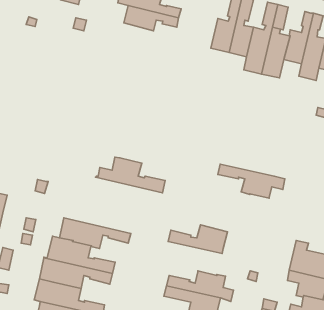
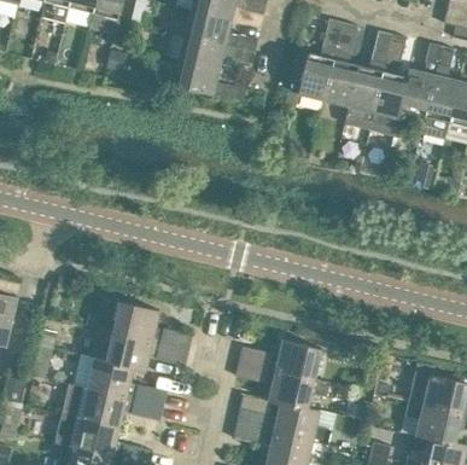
building: none -> [171,58,245,100]
building: [96,157,165,193] -> [94,301,191,350]
building: [218,164,285,198] -> [235,361,328,408]

